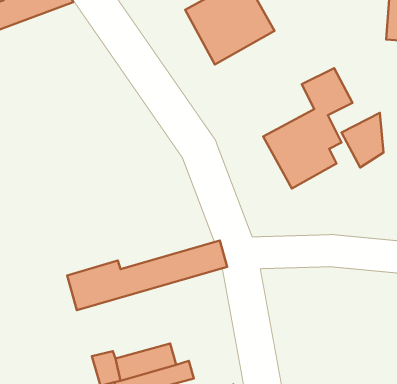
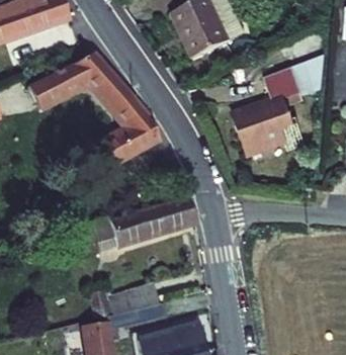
building: none -> [33,47,164,168]
building: [341,113,384,167] -> [285,47,320,91]

